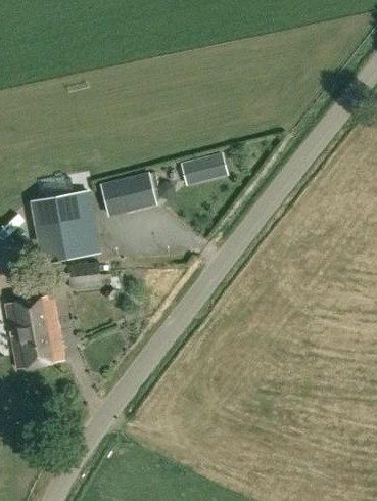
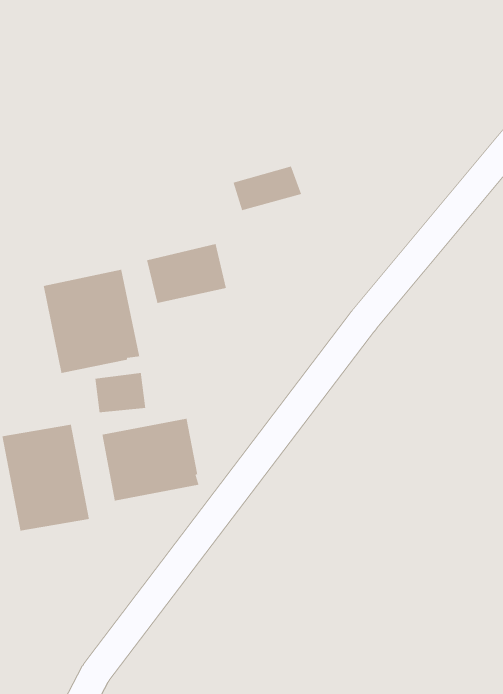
building: [179,150,226,181] -> [232,166,302,211]
building: none -> [102,418,200,501]

